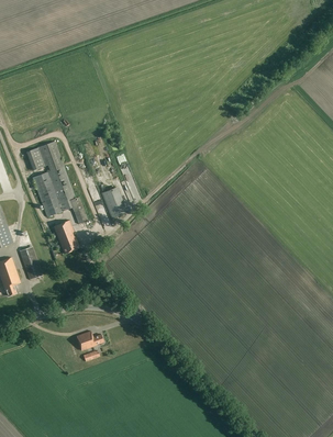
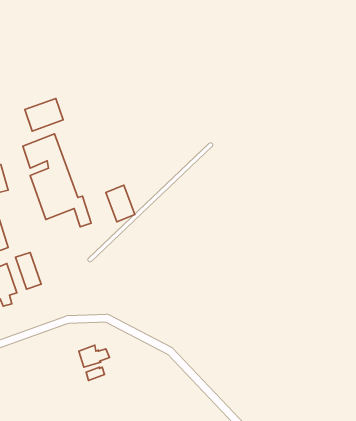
building: none -> [25,98,63,131]
building: [54,221,80,254] -> none

